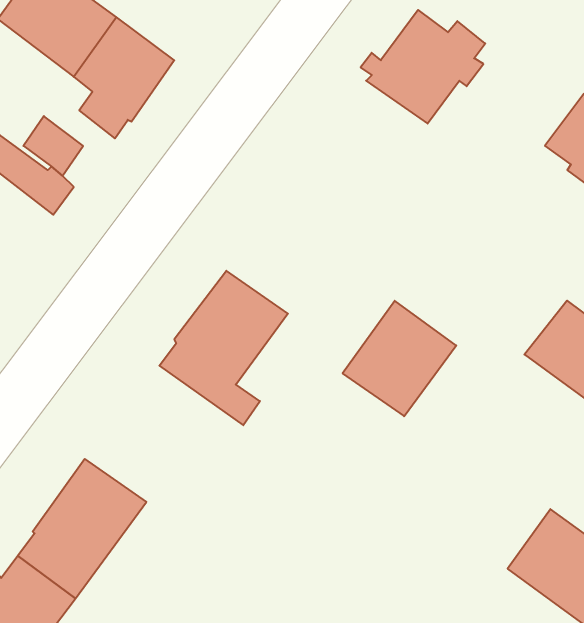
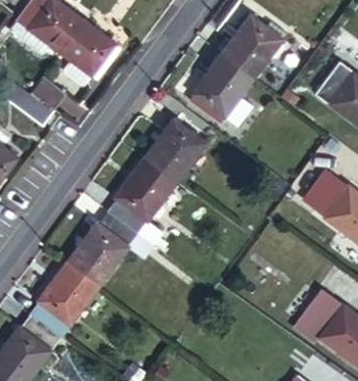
building: none -> [189,54,254,127]
building: [343,301,456,416] -> [143,118,206,182]
building: none -> [65,210,152,285]

